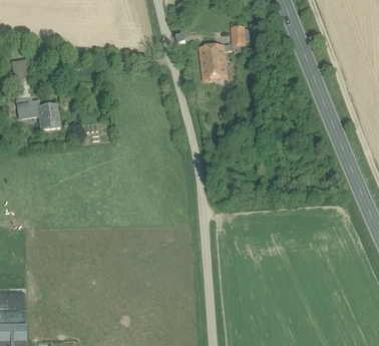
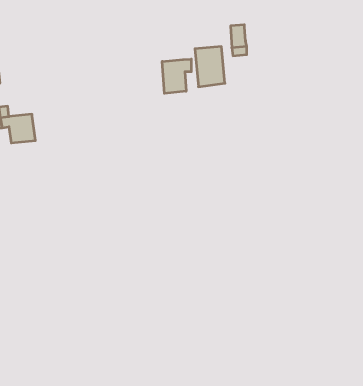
building: none -> [162,59,191,93]

